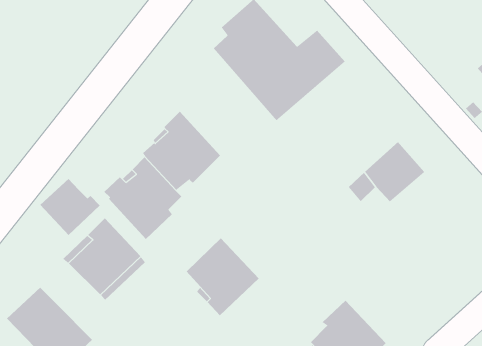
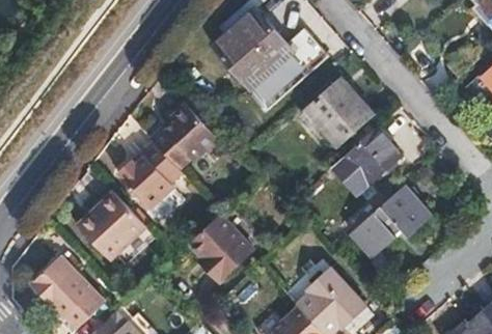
building: none -> [306,79,372,145]
building: [39,178,101,236] -> none
building: none -> [350,184,434,257]

